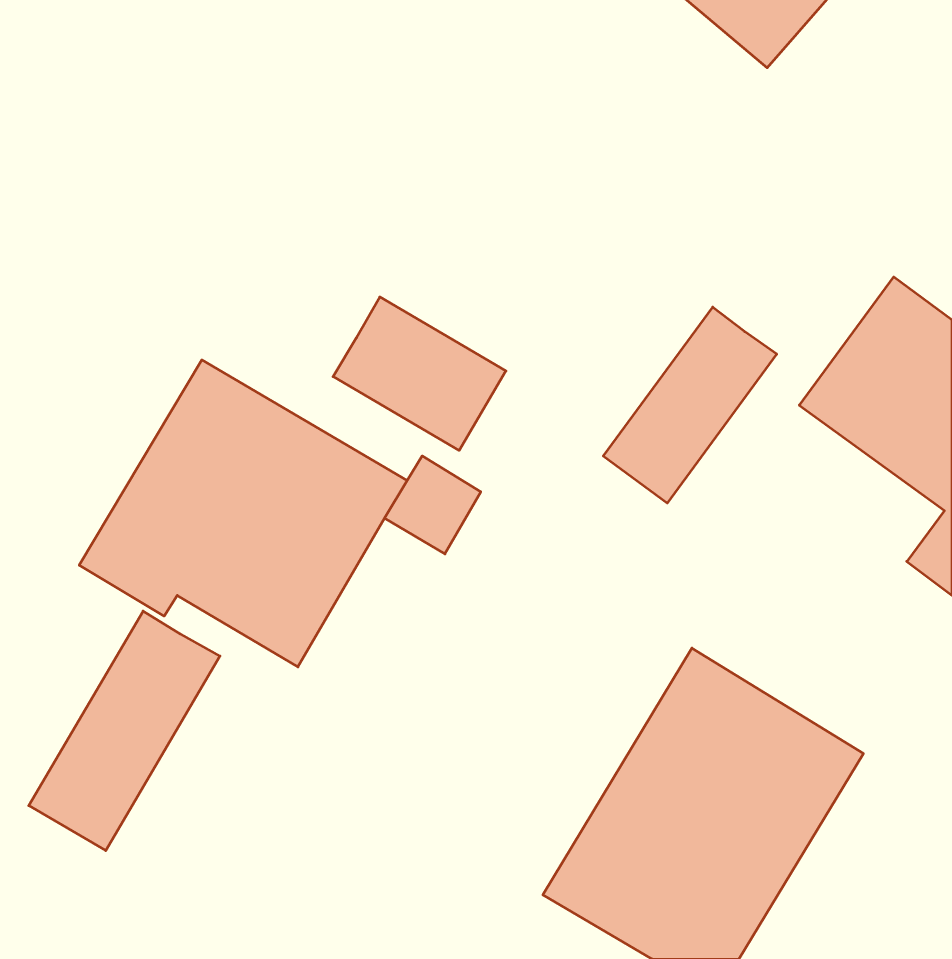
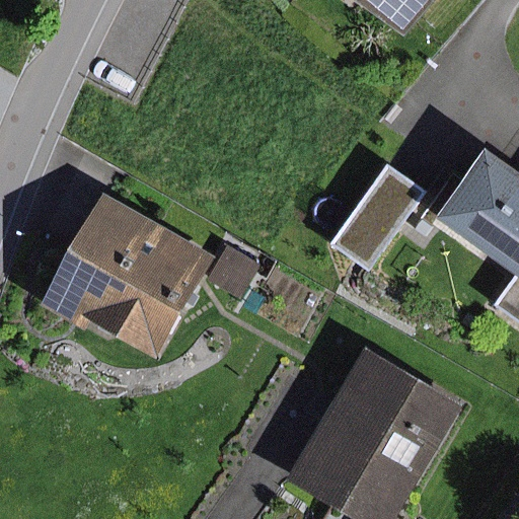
building: [333,297,506,450] -> none
building: [29,611,220,851] -> none

